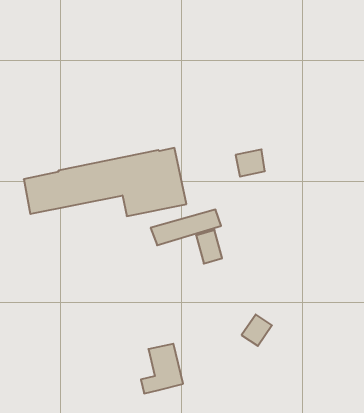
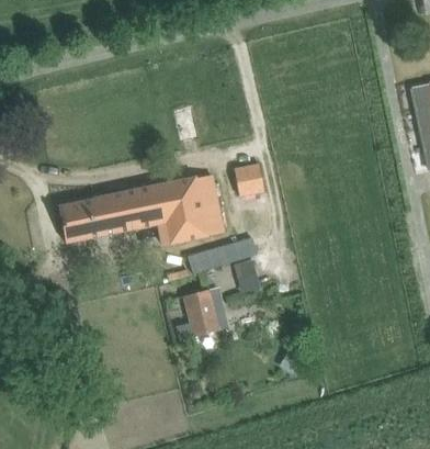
building: [236,149,265,177] -> [234,165,263,192]
building: [141,344,183,393] -> [176,290,218,340]

